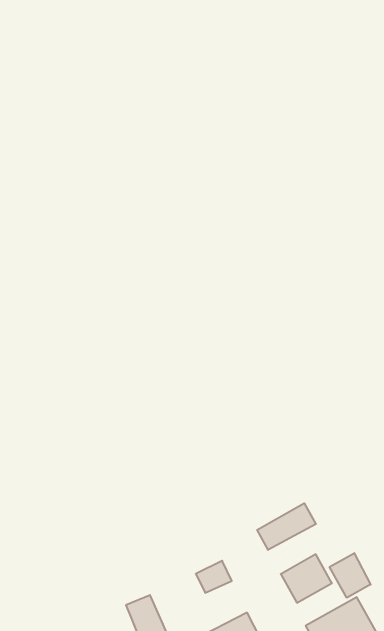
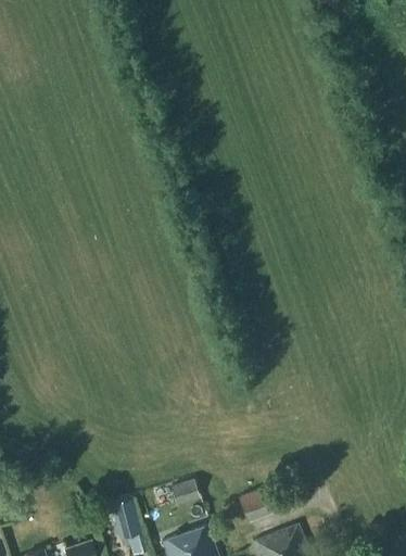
building: [257,503,316,550] -> none
building: [330,553,371,598] -> none

